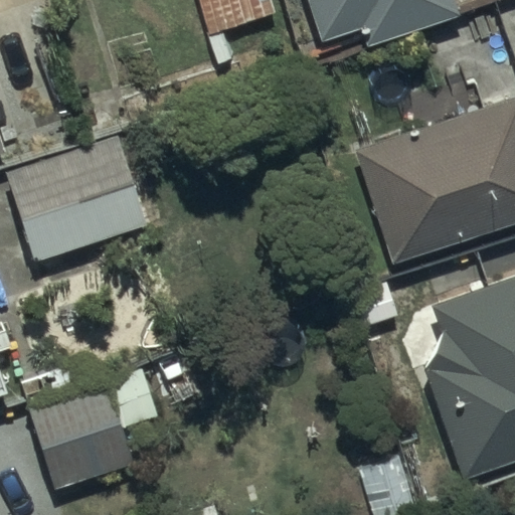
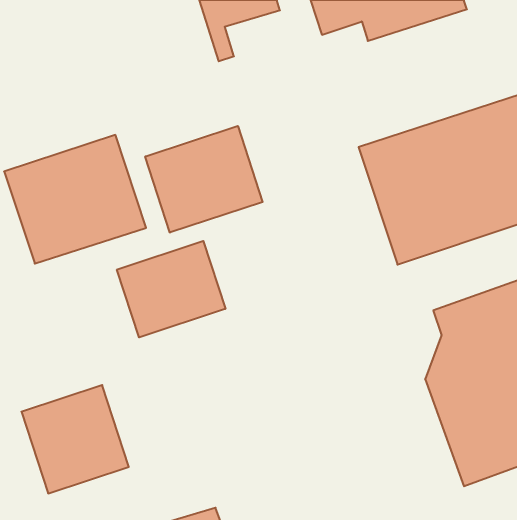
building: none -> [145,126,263,233]
building: none -> [117,241,225,337]

